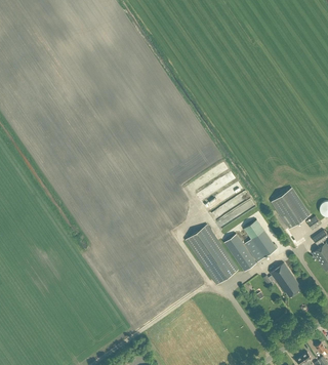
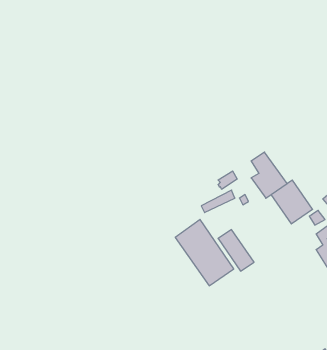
building: [244,219,277,261] -> [251,152,287,198]
building: [270,261,301,296] -> none

